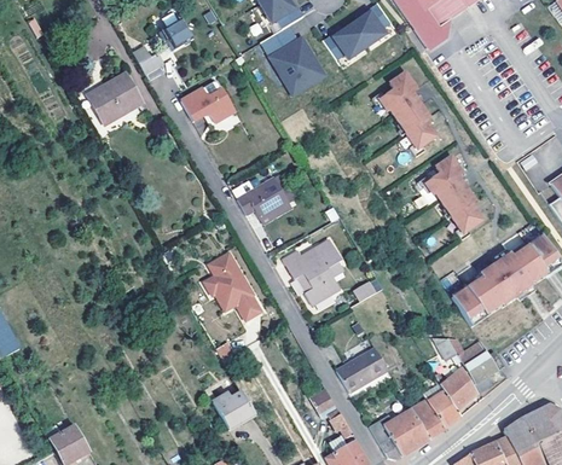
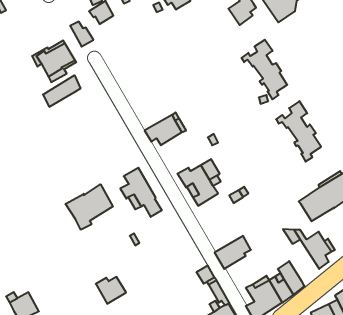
building: [259,25,323,97] -> none
building: [326,28,371,65] -> none
building: [186,79,237,122] -> none
building: none -> [43,75,80,107]
building: none -> [66,184,113,230]
building: [435,366,477,409] -> none
building: [214,390,256,428] -> [96,277,126,304]

